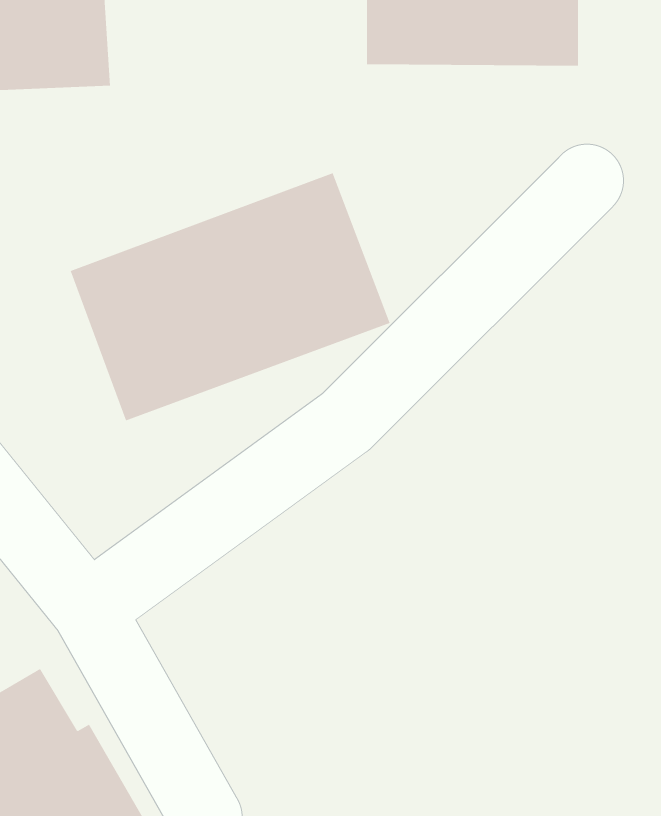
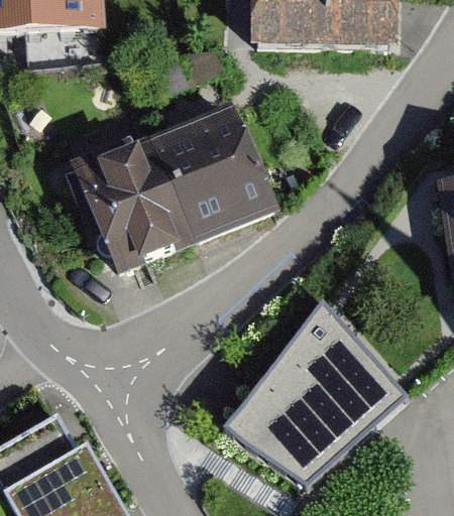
building: none -> [223,299,399,488]

